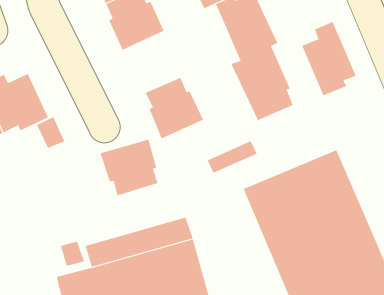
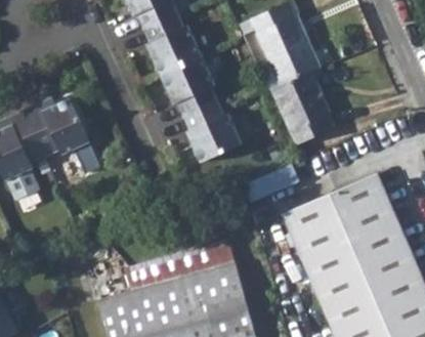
building: [302,21,357,96] -> none
building: none -> [162,56,220,118]
building: [100,139,158,196] -> none

